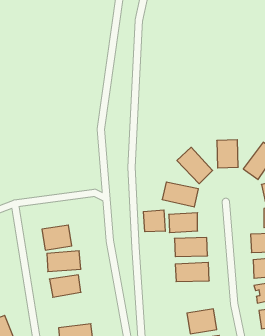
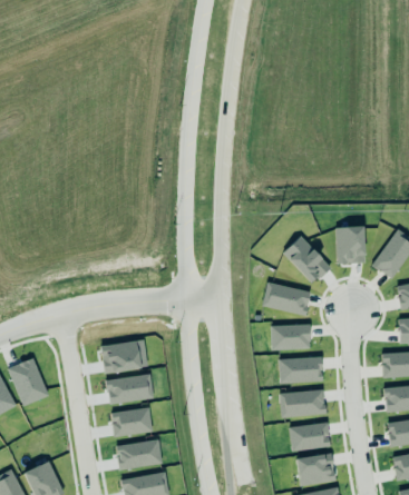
building: [143,210,165,232] -> none
building: none -> [290,424,330,449]
building: none -> [116,439,163,471]

